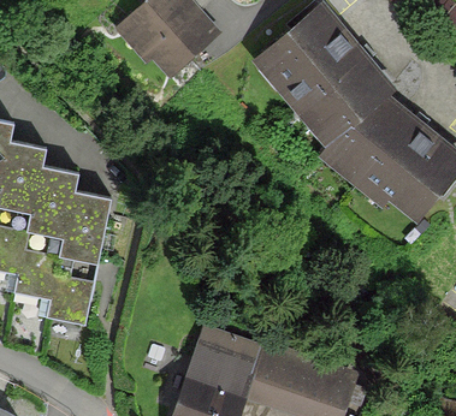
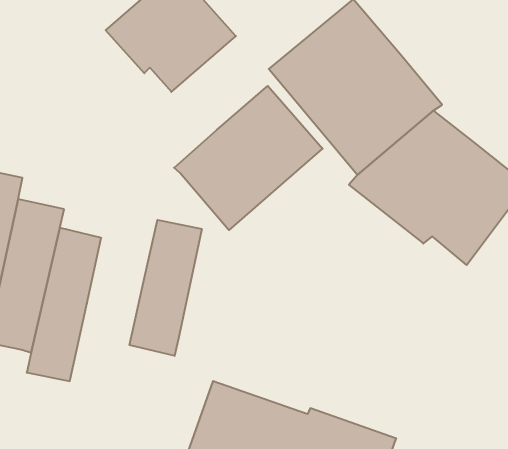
building: none -> [174,86,323,230]
building: none -> [129,220,202,356]

